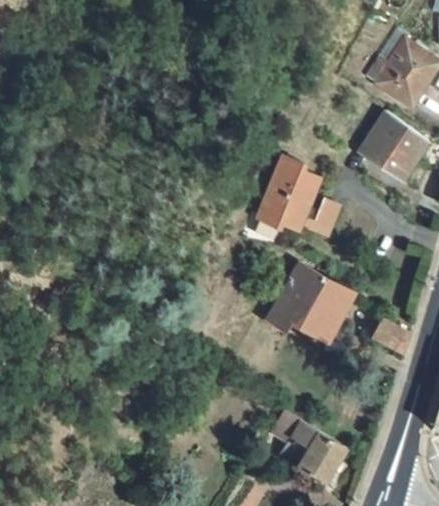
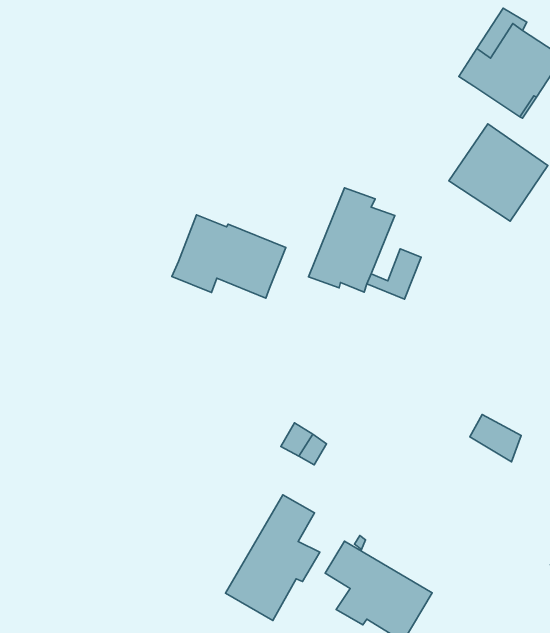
building: none -> [172,215,286,298]
building: [267,262,355,342] -> none
building: none -> [225,495,320,620]

